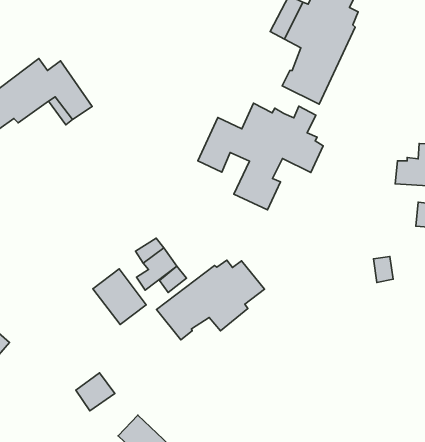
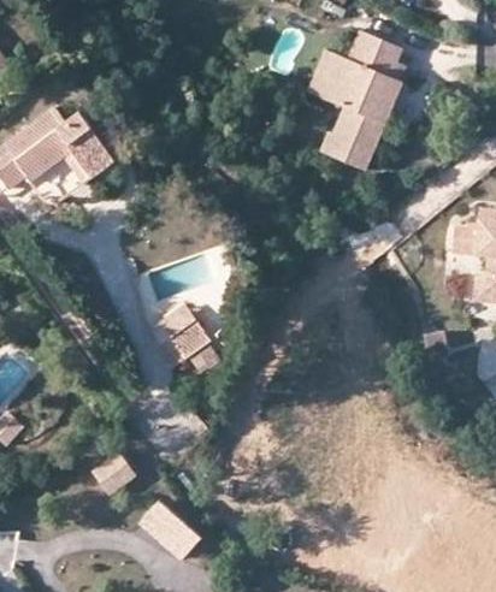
building: [198,103,323,210] -> none
building: [157,260,264,340] -> none
building: [93,269,146,325] -> none

